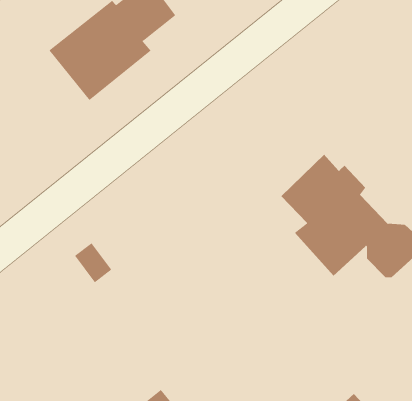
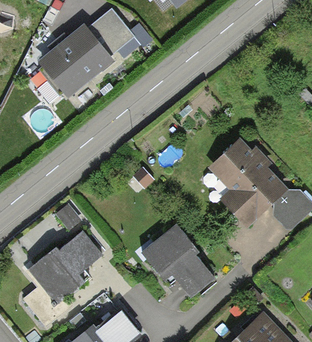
building: none -> [141,224,214,296]
building: none -> [29,230,102,305]

